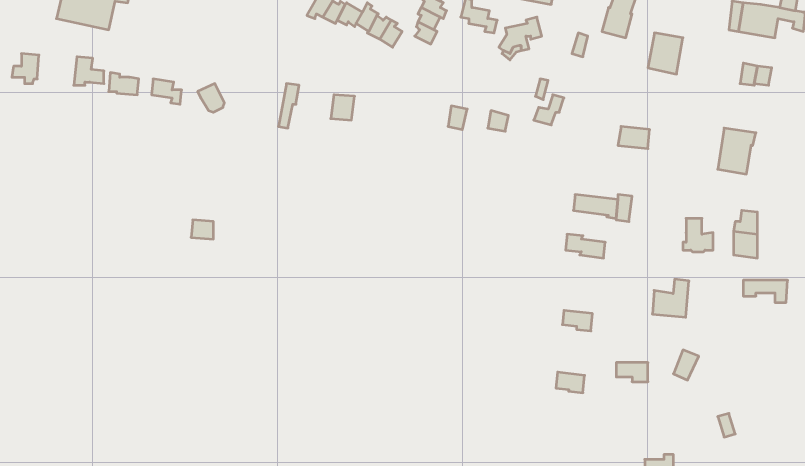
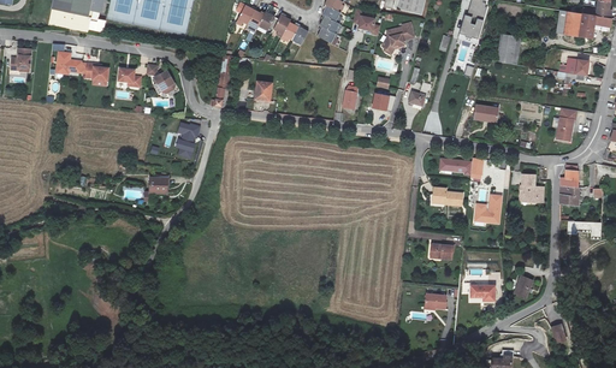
building: none -> [177,121,200,156]
building: [652,279,689,317] -> [474,192,502,221]

